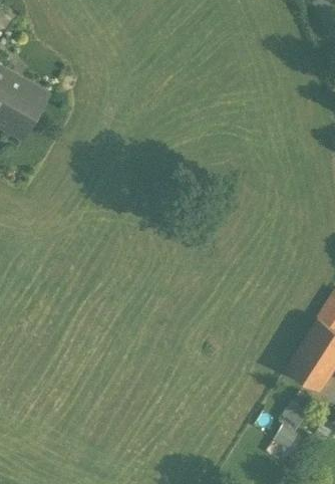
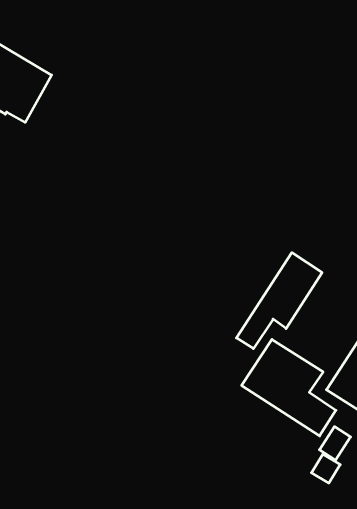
building: none -> [236,253,322,349]
building: none -> [242,339,336,436]

